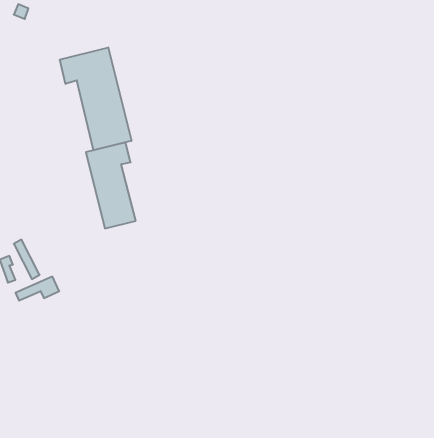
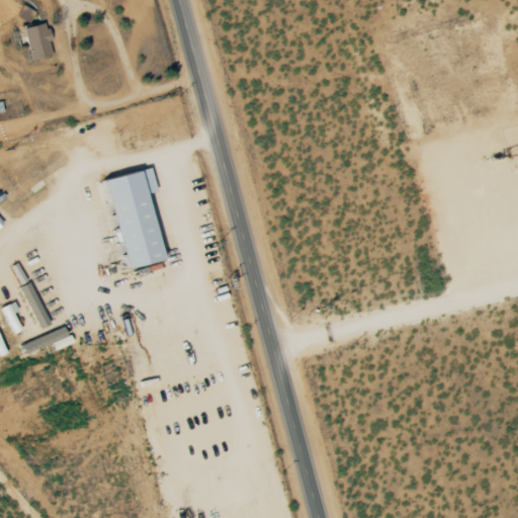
building: none -> [28,23,56,60]
building: [60,47,131,150] -> none

